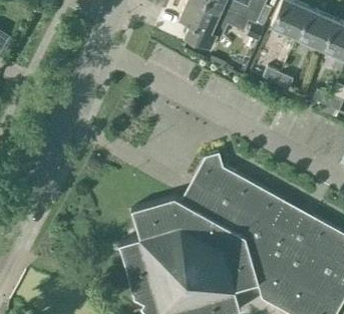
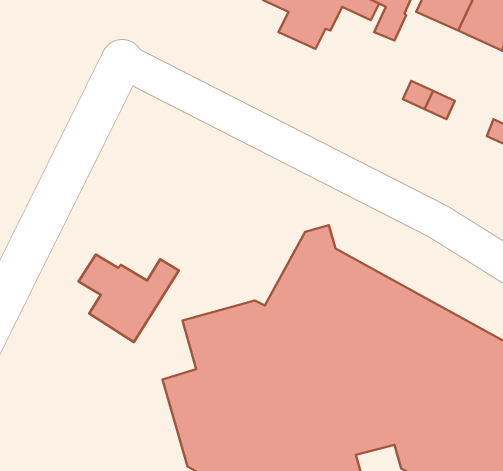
building: none -> [78,254,179,342]

